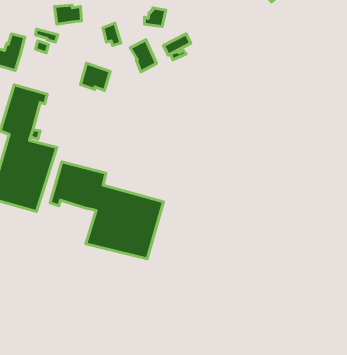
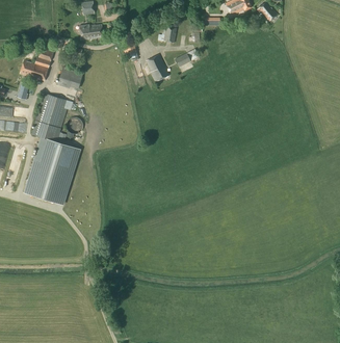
building: [81,63,110,91] -> [57,64,83,88]
building: [50,162,164,259] -> none

